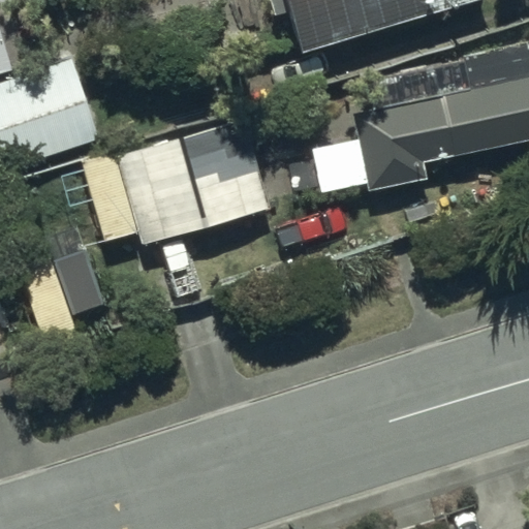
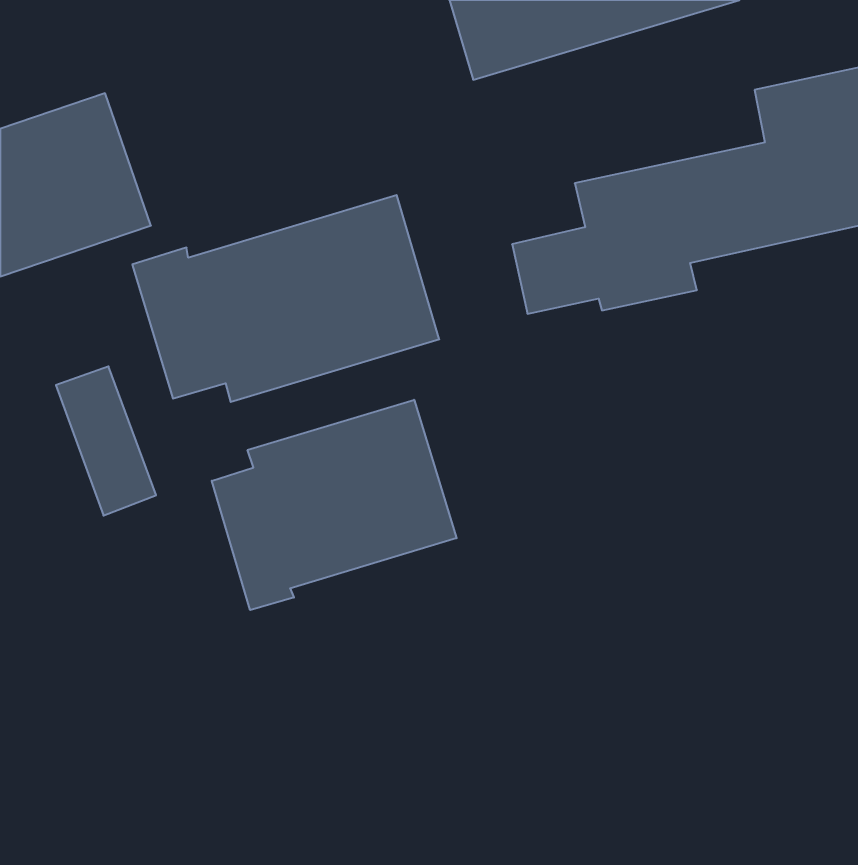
building: none -> [212,400,457,610]

